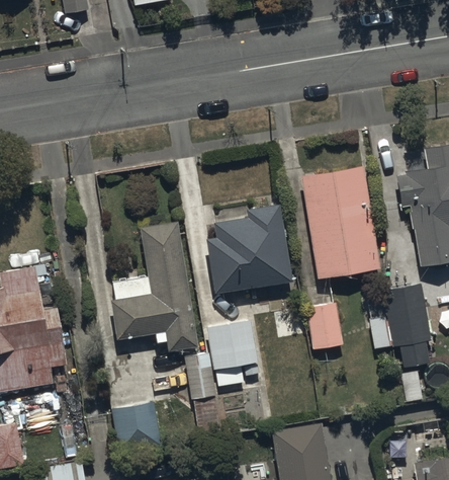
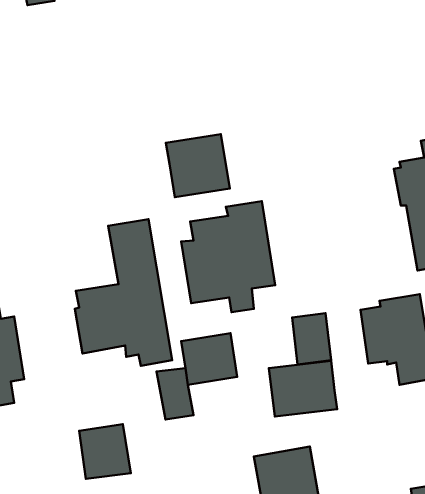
building: none -> [166,134,230,197]
building: [300,164,380,277] -> none
building: none -> [269,361,337,416]

